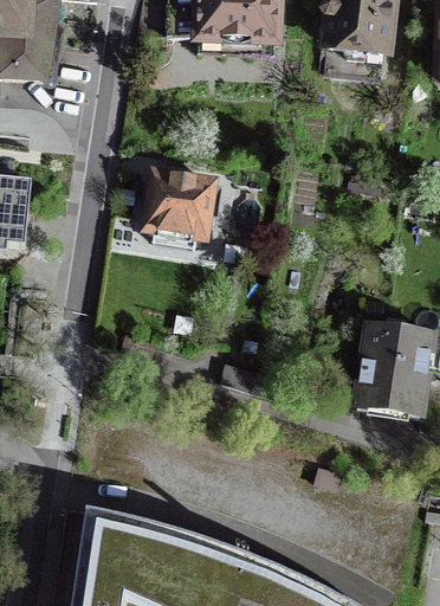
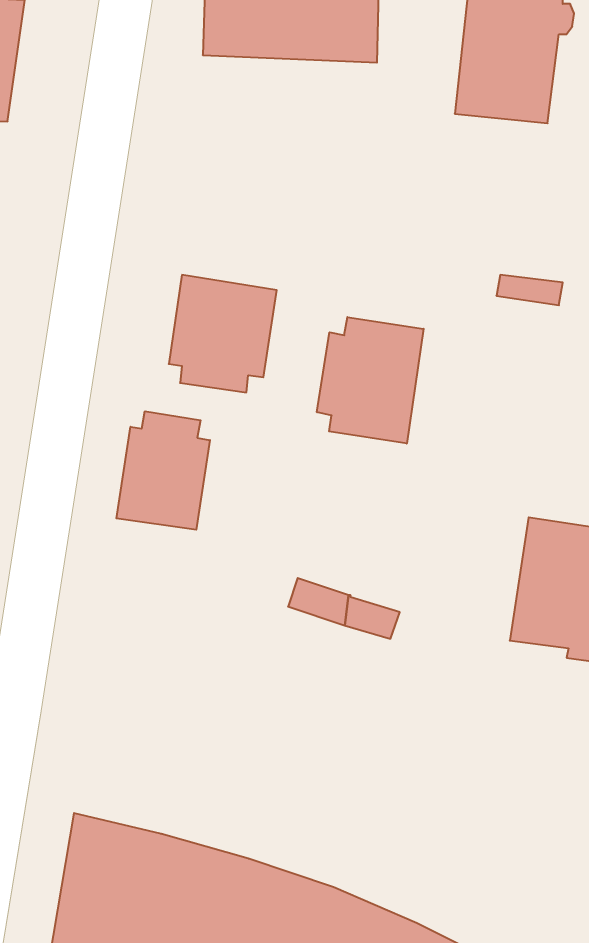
building: none -> [317,317,424,444]
building: none -> [116,411,210,530]

